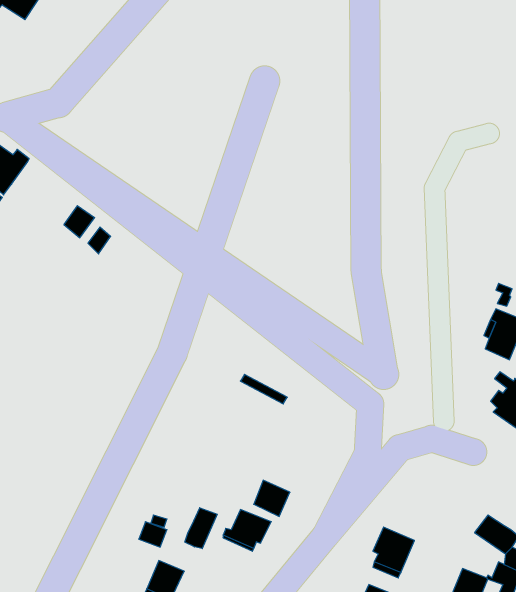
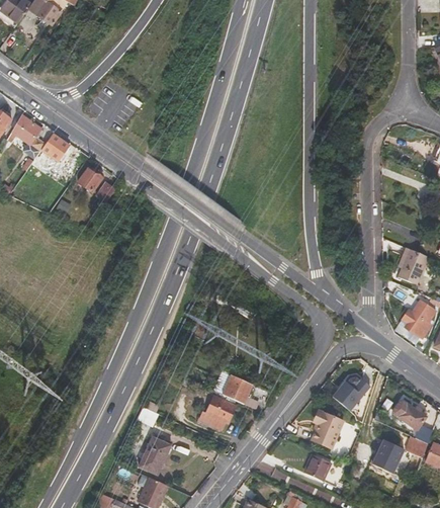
building: none -> [40,134,68,162]
building: none -> [329,379,367,411]
building: [185,508,217,549] -> none

